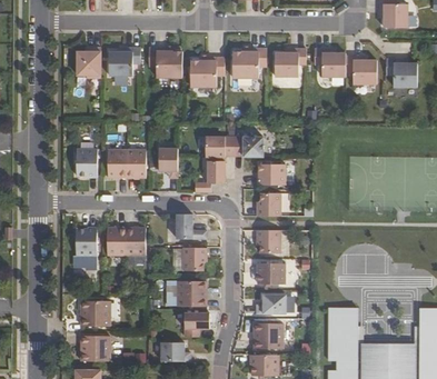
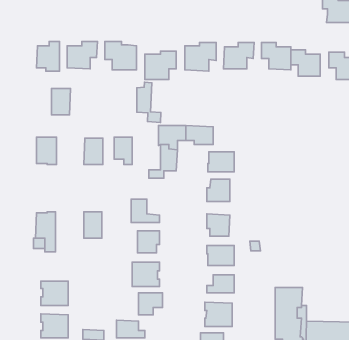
building: none -> [137,82,161,122]
building: [107,149,127,177] -> [52,88,70,115]
building: [107,227,126,255] -> none

